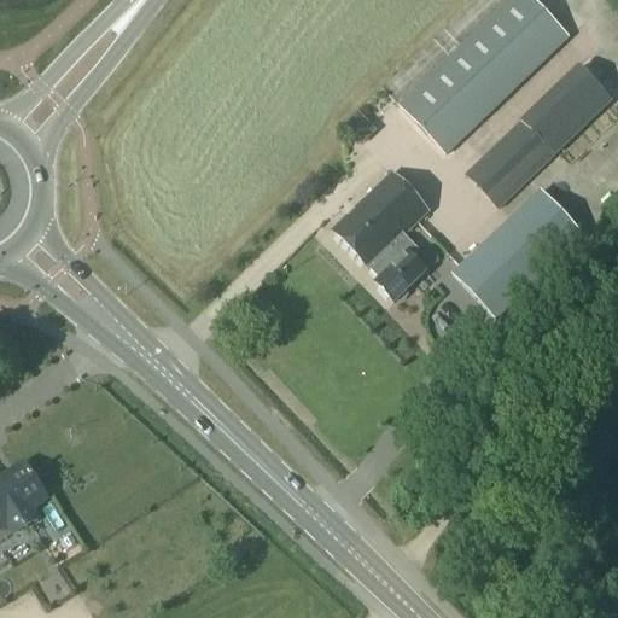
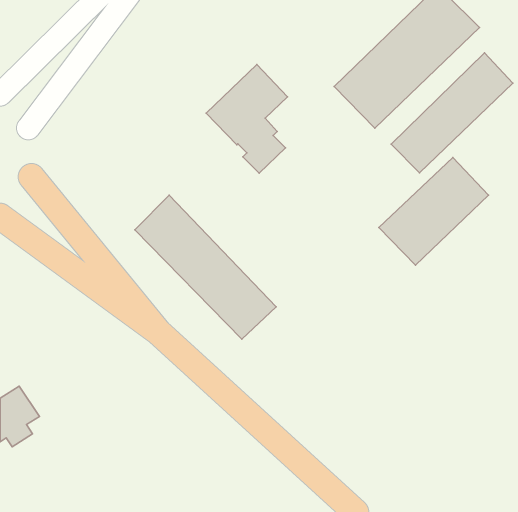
building: [333,169,430,298] -> [206,64,287,173]
building: none -> [135,195,276,339]

